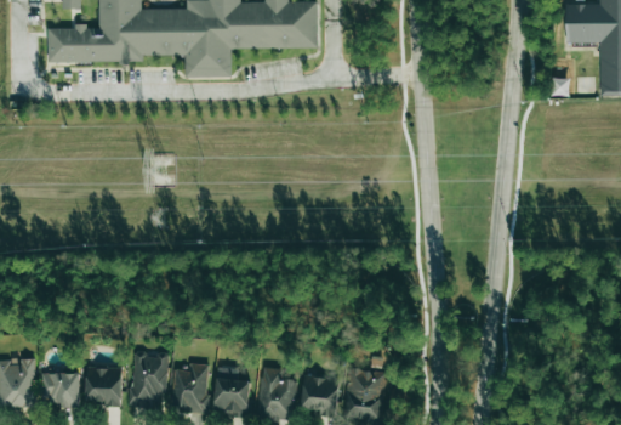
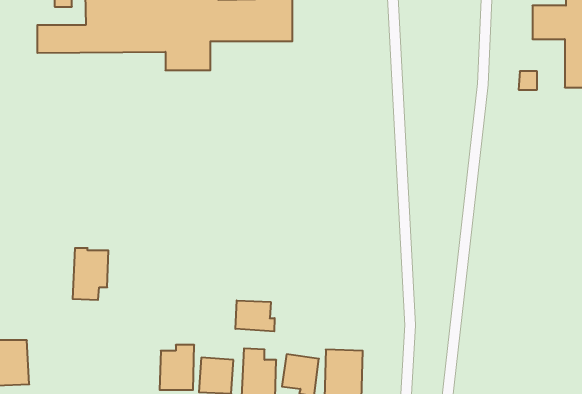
building: none -> [235,300,275,331]
building: [131,352,169,407] -> [73,248,108,300]
building: [86,367,124,407] -> none
building: [42,372,81,406] -> none

